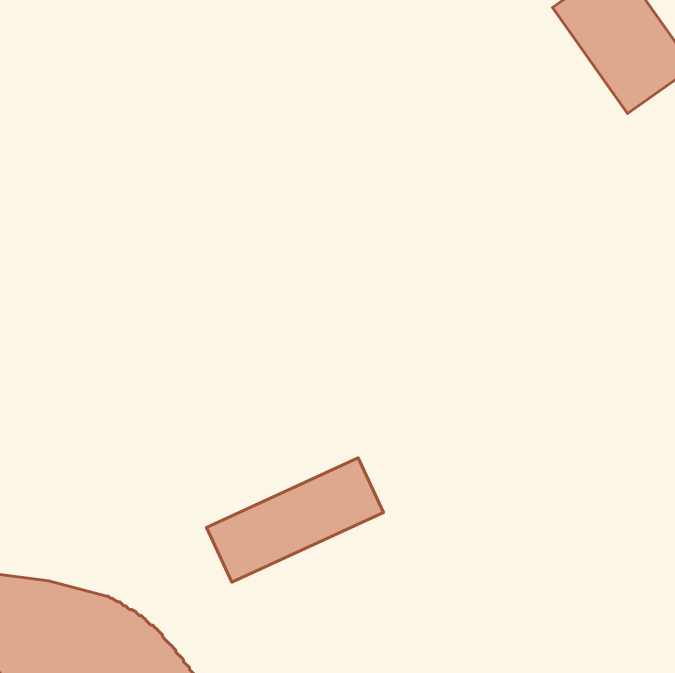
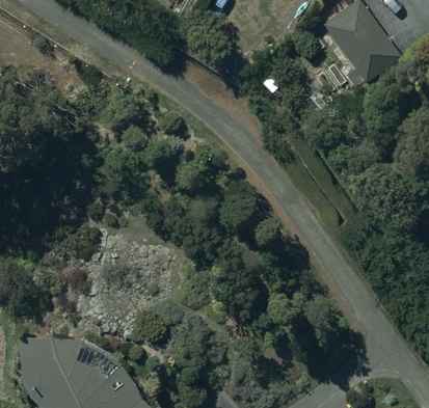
building: [207,458,383,582] -> none

